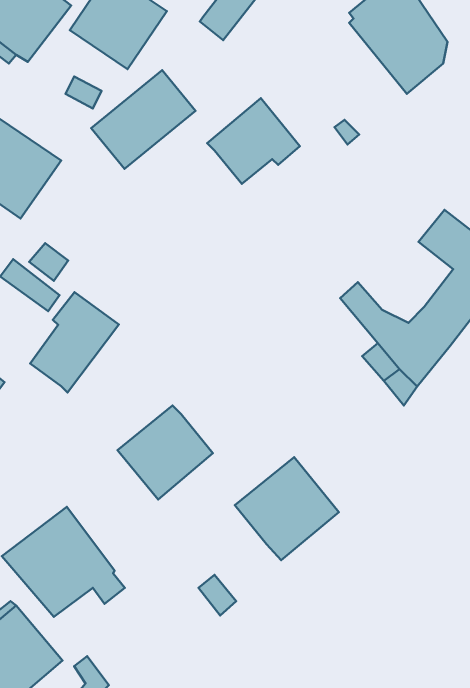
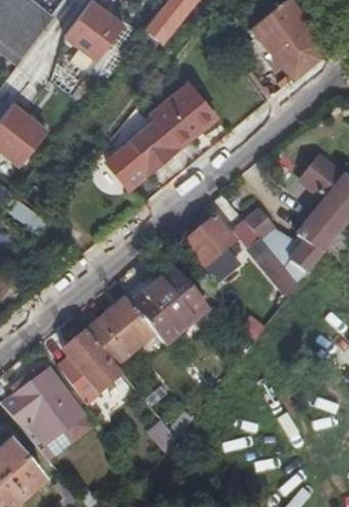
building: [91,70,195,169] -> [105,119,180,189]
building: [30,292,119,393] -> none
building: none -> [185,219,242,284]
building: none -> [59,333,122,404]
building: [235,457,339,560] -> [132,272,207,345]

